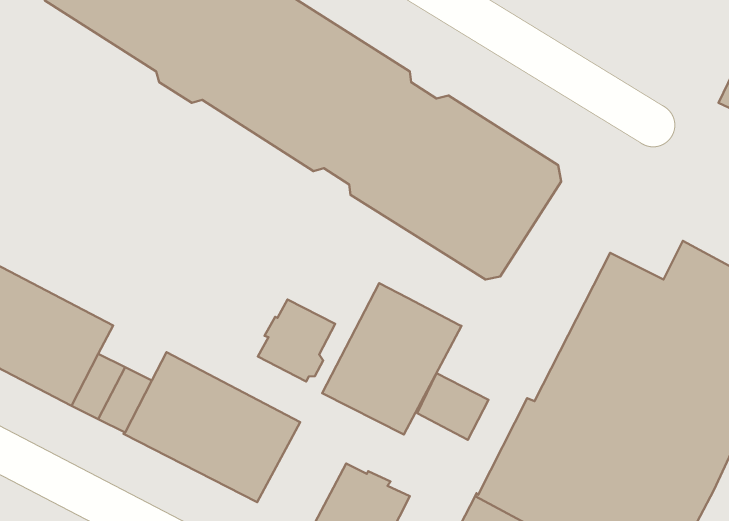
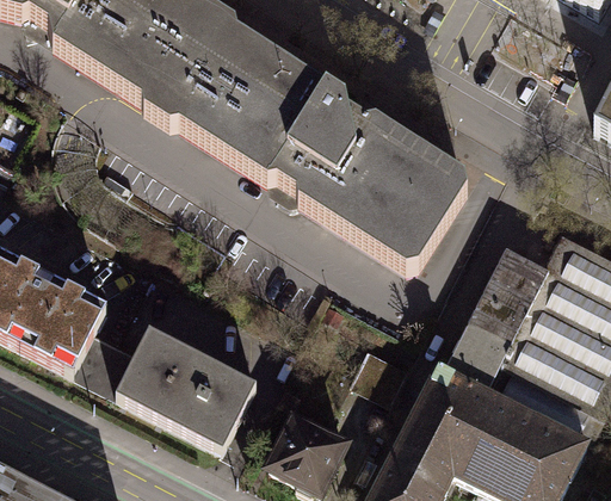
building: [322,283,462,435] -> none
building: [258,300,335,382] -> none

